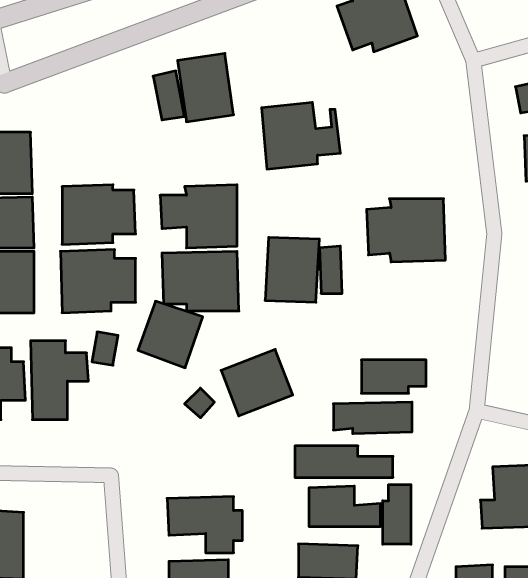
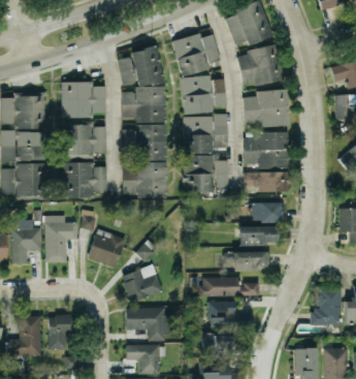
building: none -> [172,34,220,76]
building: none -> [235,45,283,88]
building: none -> [61,82,105,119]
building: none -> [121,88,166,123]
building: none -> [242,90,288,128]
building: none -> [183,116,227,154]
building: none -> [245,172,290,191]
building: [138,301,203,368] -> [87,229,125,269]
building: none -> [250,202,283,223]
building: [221,349,293,416] -> [121,264,163,304]
building: [383,485,411,544] -> none
building: none -> [48,315,69,350]

